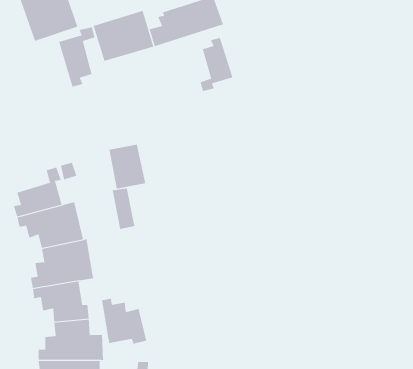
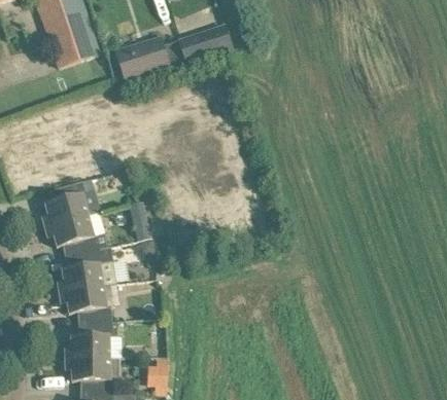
building: [58,26,95,87] -> none
building: [200,37,233,92] -> none
building: [109,144,146,190] -> none
building: [102,298,147,345] -> none

